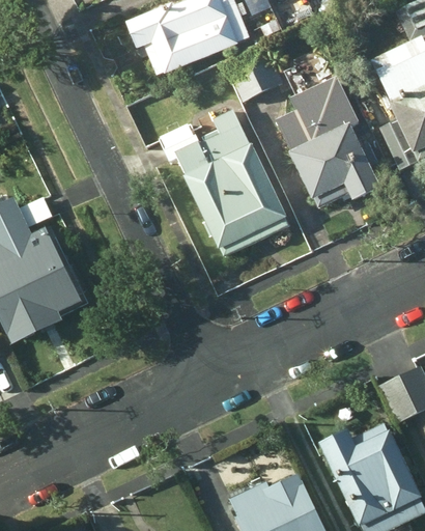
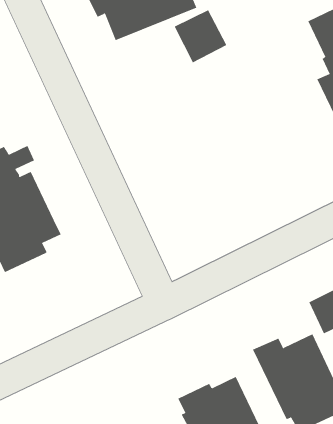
building: [279,79,381,201] -> none
building: [171,104,290,253] -> none

